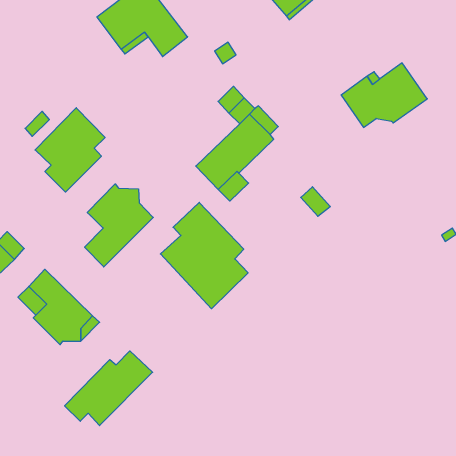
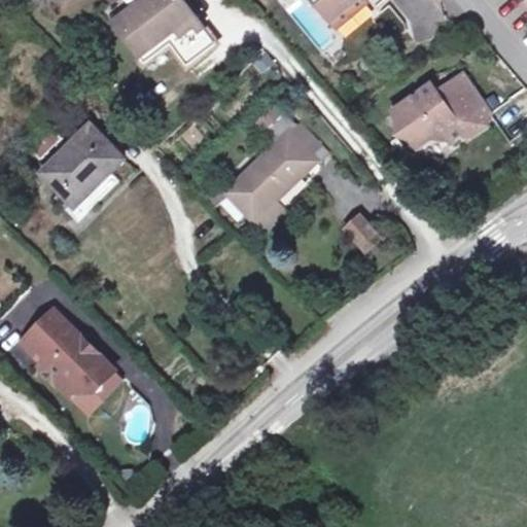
building: [85,184,153,267] -> none
building: [160,202,248,309] -> none
building: [65,351,153,426] -> none

